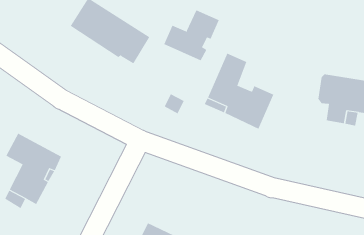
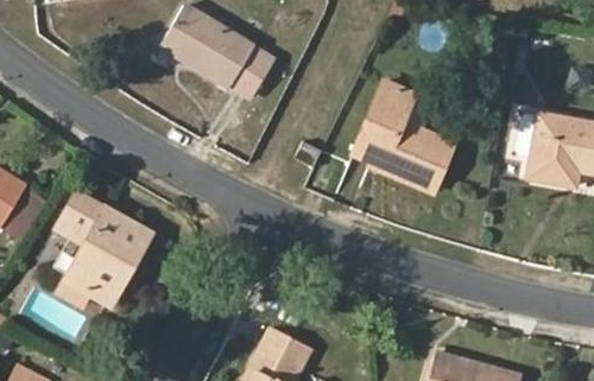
building: [163,9,220,61] -> none

